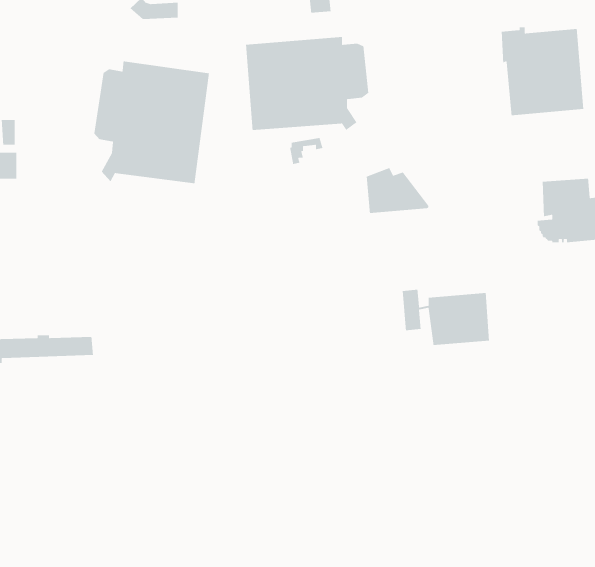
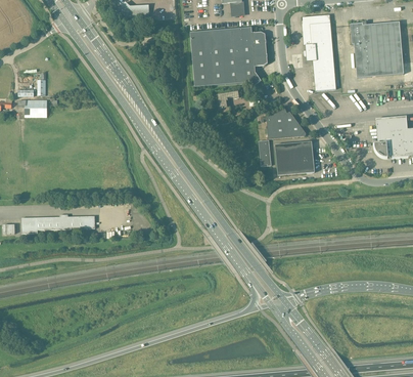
building: none -> [303,16,335,90]
building: [94,60,210,193] -> none
building: [402,289,490,346] -> [259,139,314,175]

